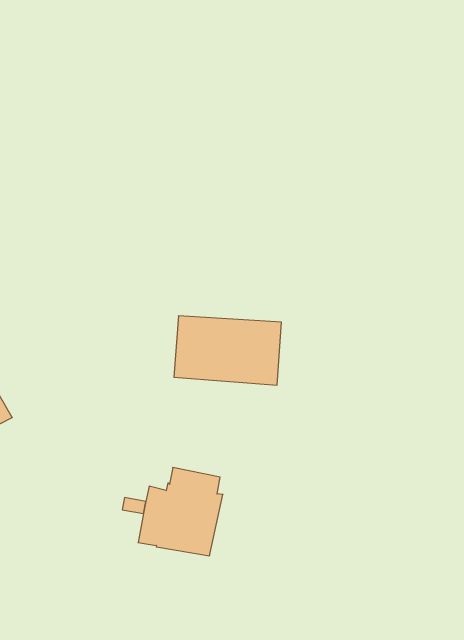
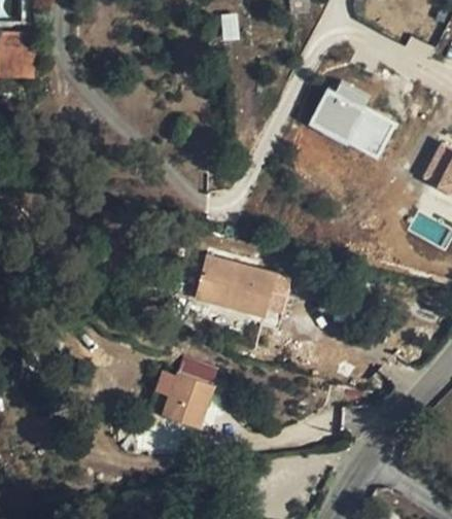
building: none -> [311,78,397,161]

